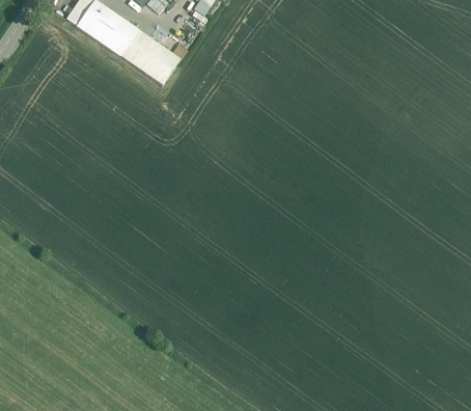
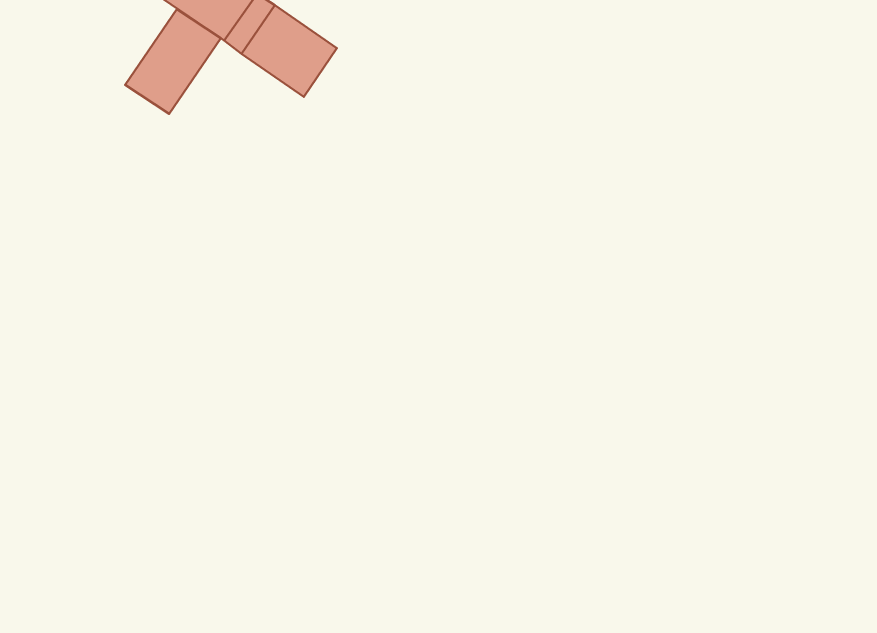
building: none -> [125,9,221,114]

